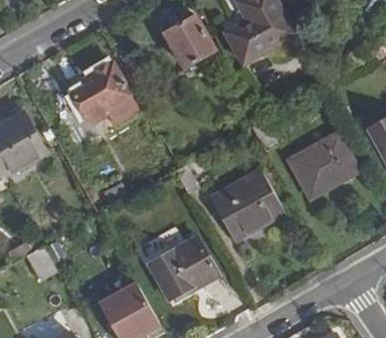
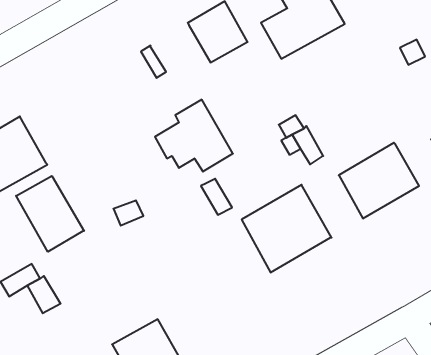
building: [72,64,138,125] -> [155,100,233,172]
building: none -> [16,176,84,252]
building: [148,236,218,300] -> none

